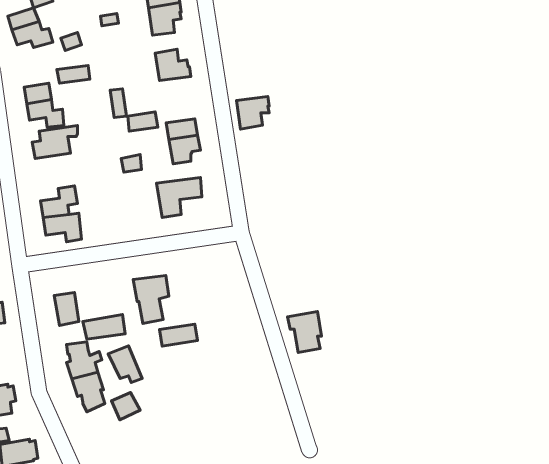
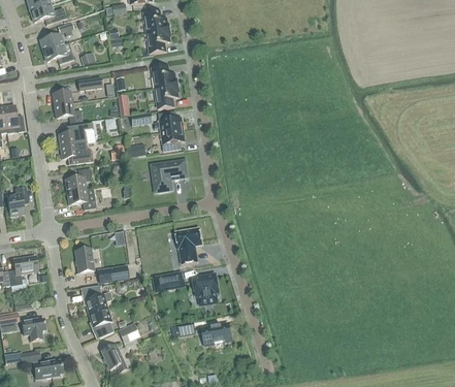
building: [236,96,269,129] -> [154,85,178,109]
building: none -> [60,142,92,164]
building: [133,276,169,323] -> [174,228,201,264]
building: [287,312,322,353] -> [192,273,218,304]
building: [108,346,142,383] -> [100,344,126,372]
building: none -> [194,323,230,345]

